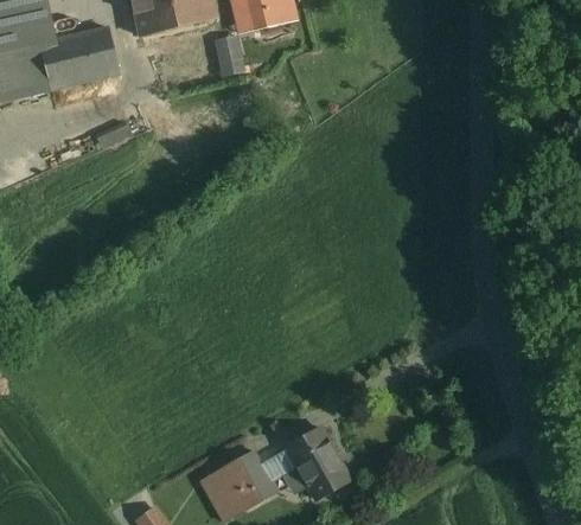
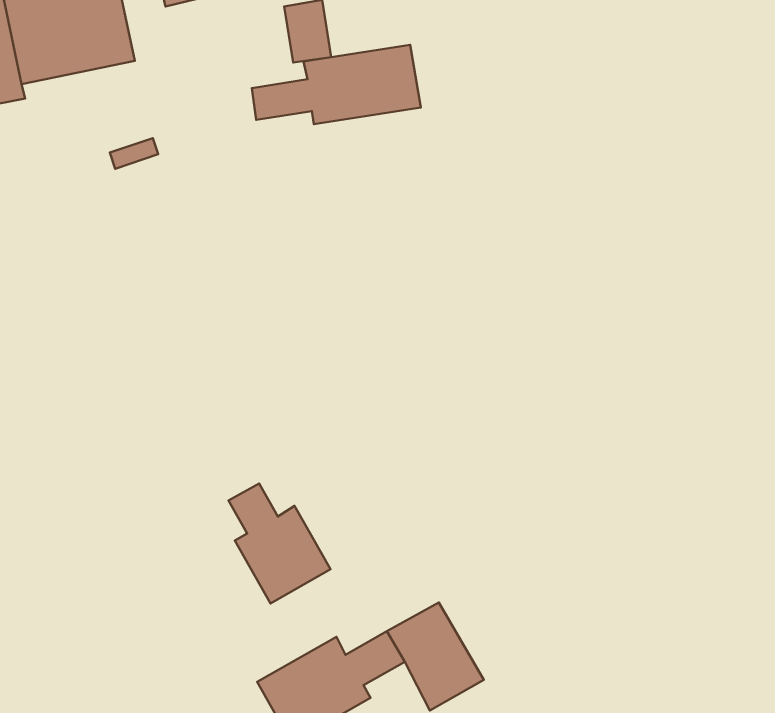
building: none -> [252,45,421,124]
building: none -> [228,484,330,604]

